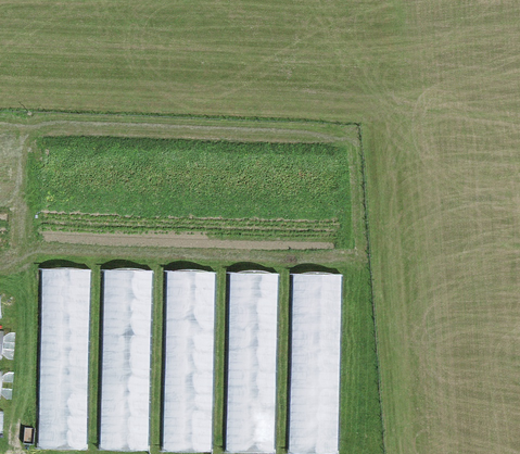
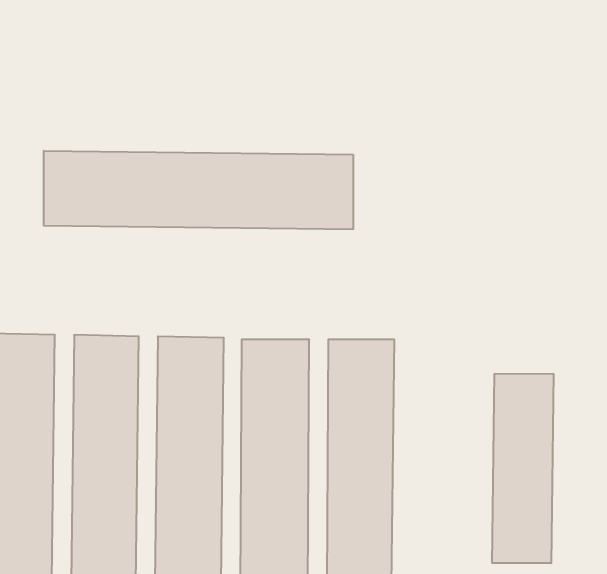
building: none -> [44,151,353,229]
building: none -> [492,374,553,563]

